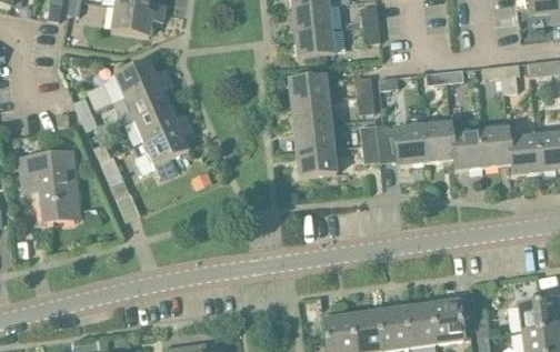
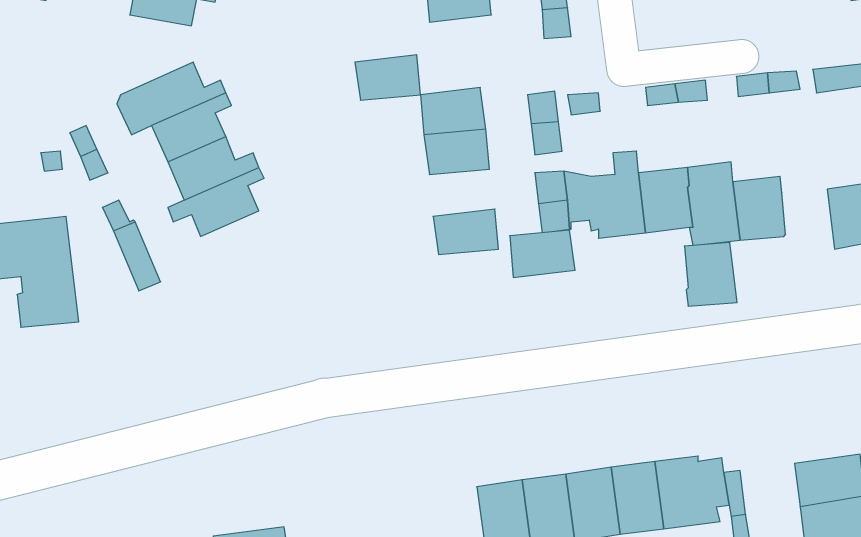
building: [294,29,334,57] -> [355,55,420,100]
building: [294,123,334,152] -> [510,230,575,277]
building: [510,135,542,174] -> [684,243,737,306]

